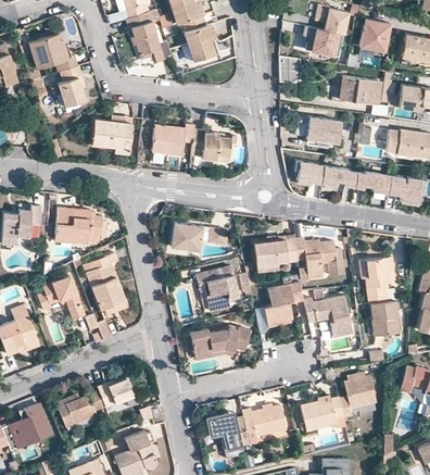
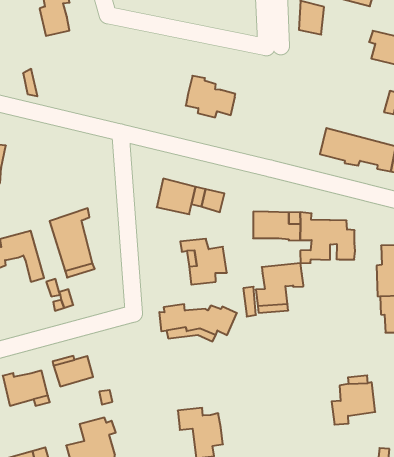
building: [296,117,342,145] -> none
building: [92,118,130,153] -> none
building: [151,125,193,157] -> none
building: [55,207,103,243] -> none
building: [305,295,353,335] -> none
building: [301,396,343,430] -> none
building: [242,404,287,441] -> none

